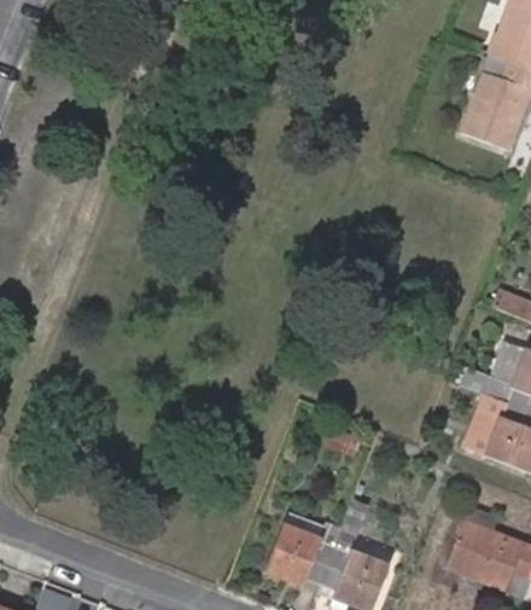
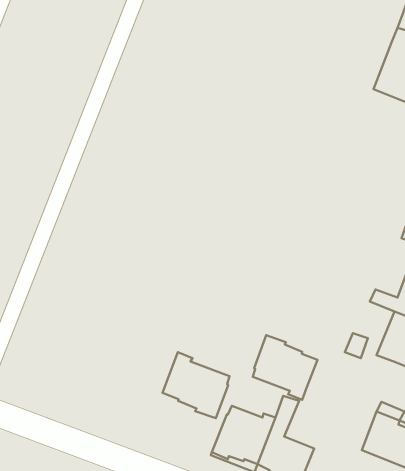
building: none -> [253,335,317,400]
building: none -> [162,352,230,418]

